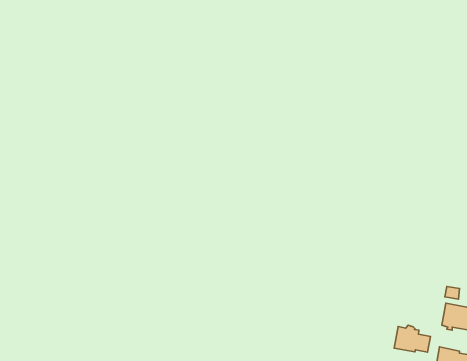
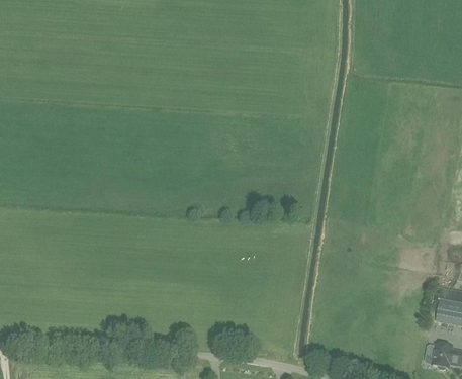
building: [394,325,430,352] -> none

